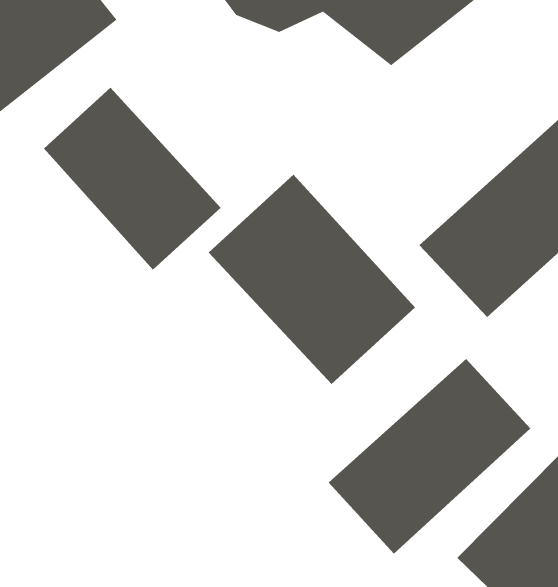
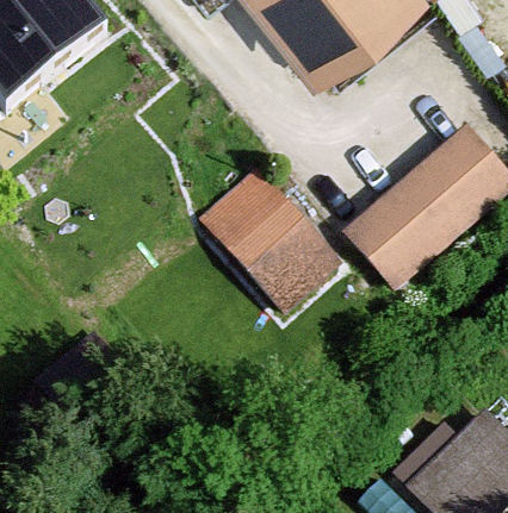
building: [43,87,221,270] -> none
building: [328,358,531,554] -> none

